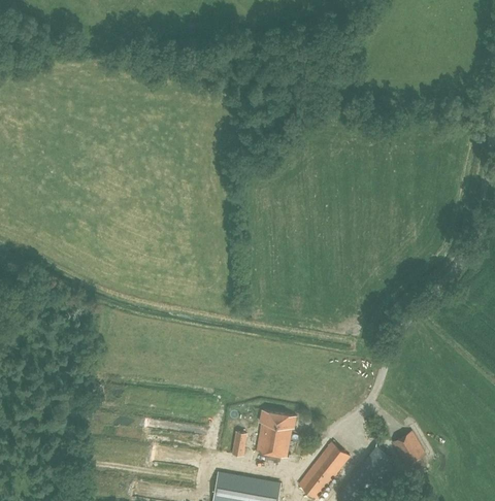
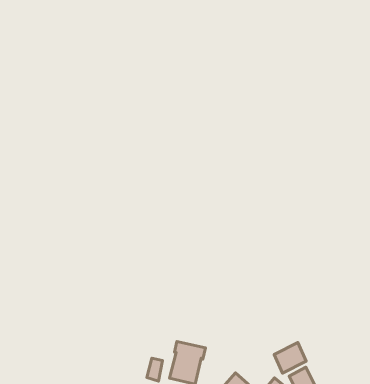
building: none -> [274,343,306,373]

